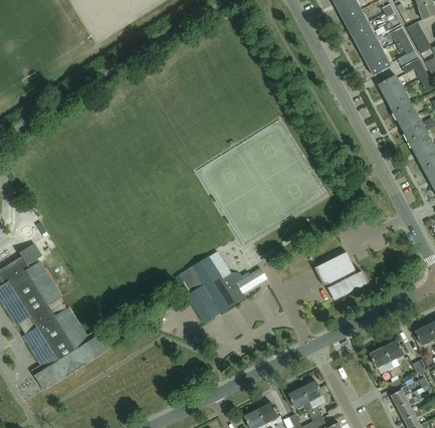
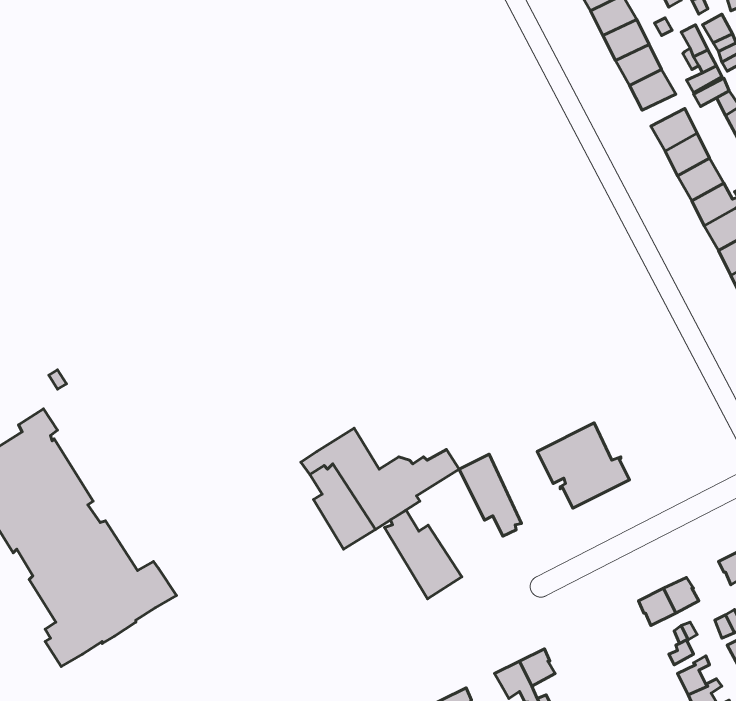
building: none -> [459,454,522,536]
building: none -> [385,510,462,599]

